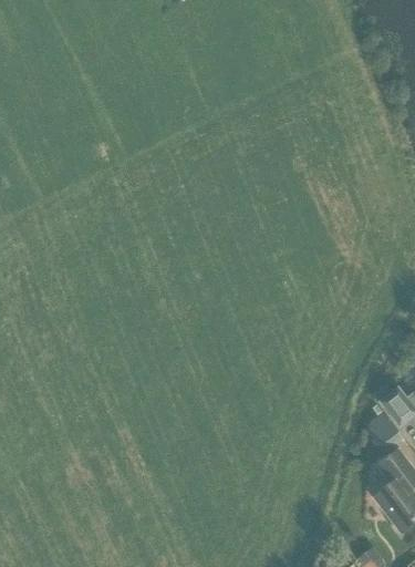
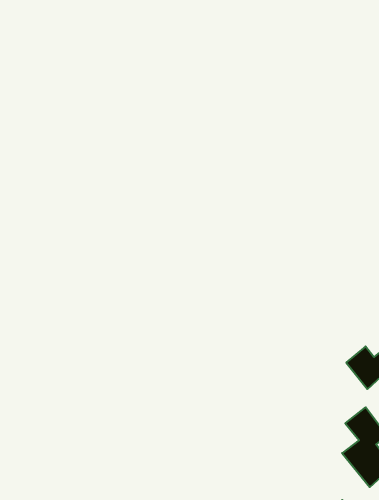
building: [369,411,403,452] -> none

